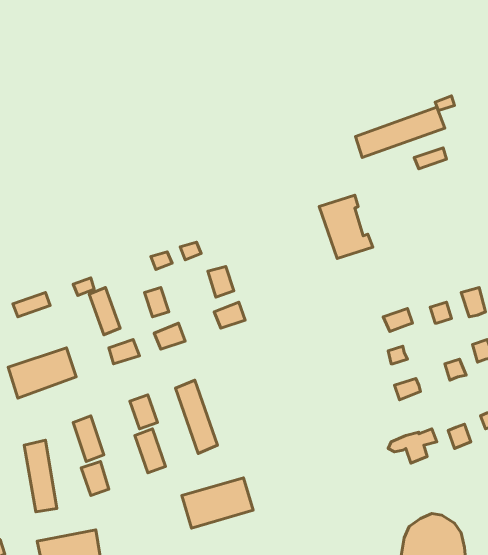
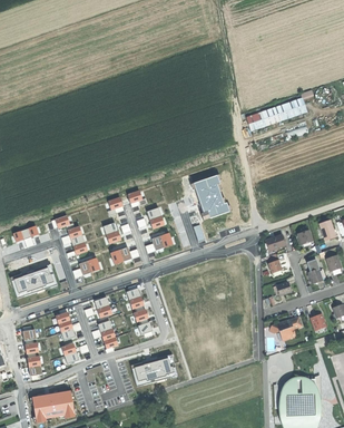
building: [319,195,373,259] -> [193,175,229,218]

